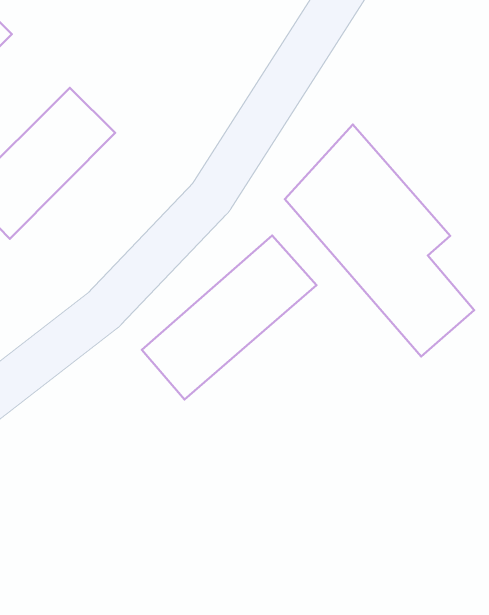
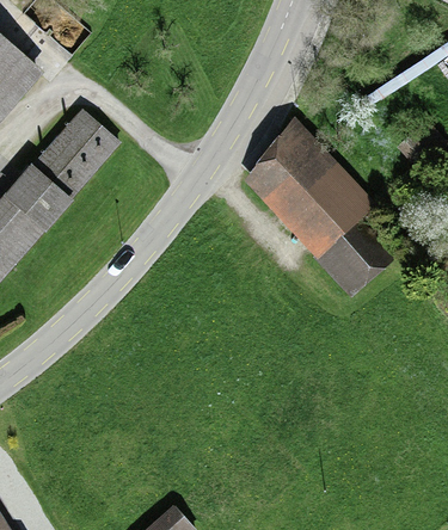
building: [142,235,317,400] -> none

